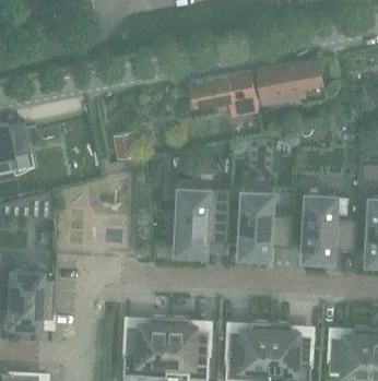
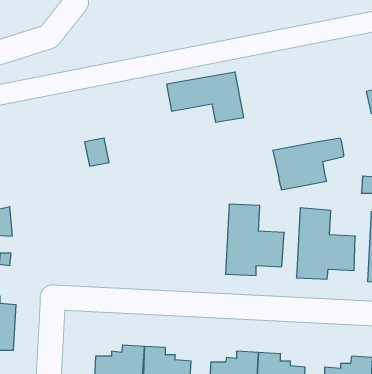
building: [255,62,318,108] -> [273,138,344,190]
building: [175,190,229,253] -> none

